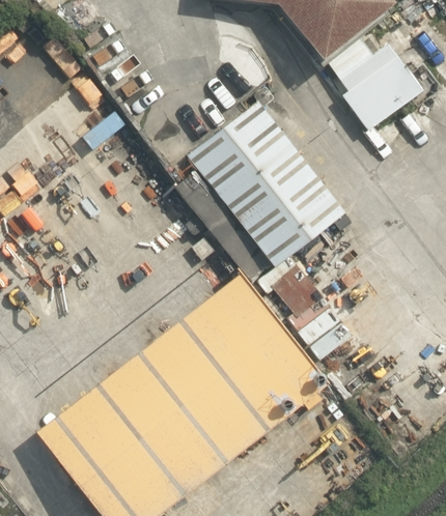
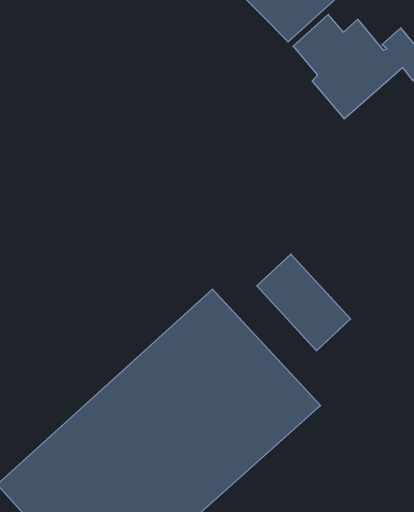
building: [186,102,345,268] -> none

